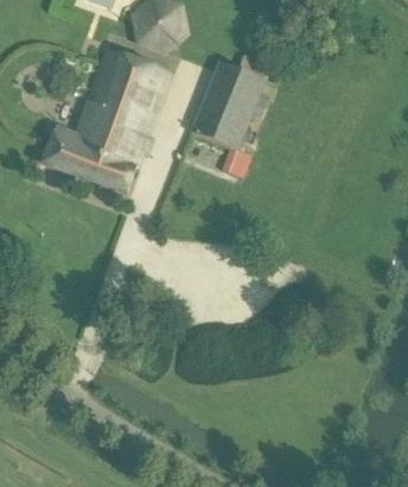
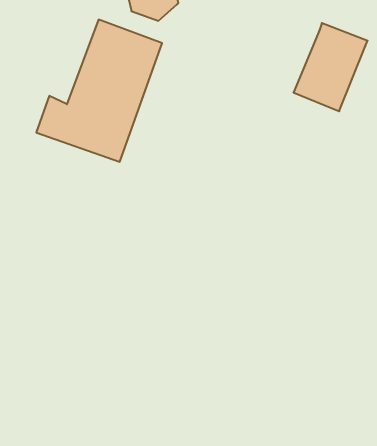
building: [191,59,266,148] -> [293,23,368,111]

